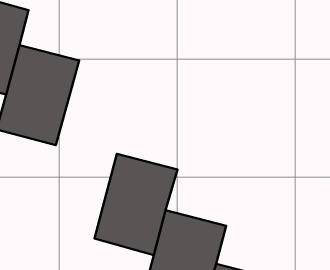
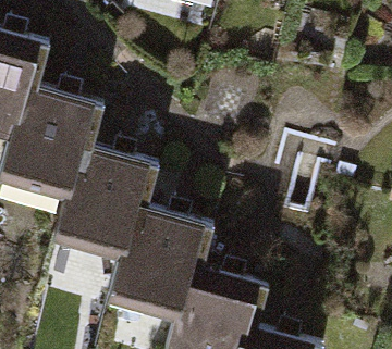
building: none -> [54,146,147,258]

